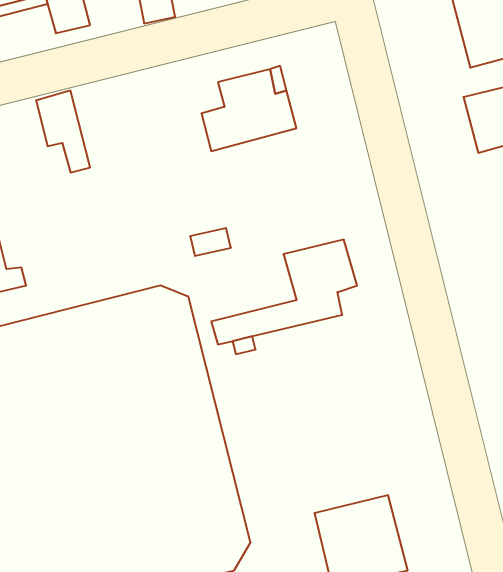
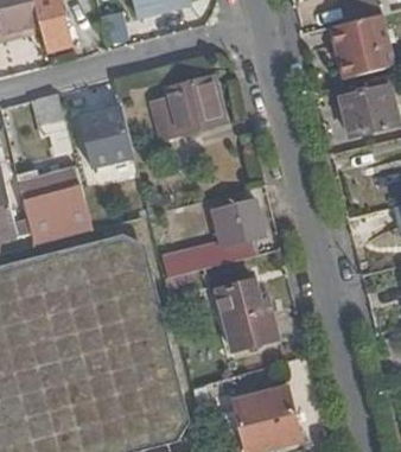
building: none -> [77,103,136,185]
building: none -> [17,167,90,243]
building: none -> [214,281,276,351]

